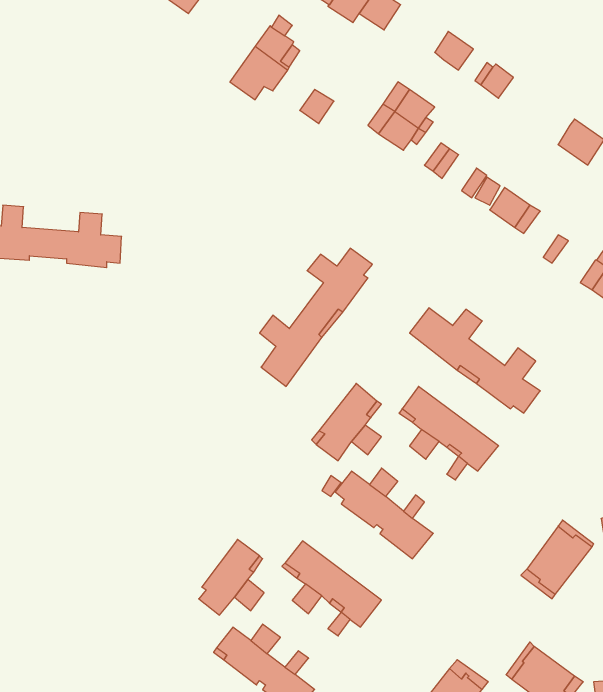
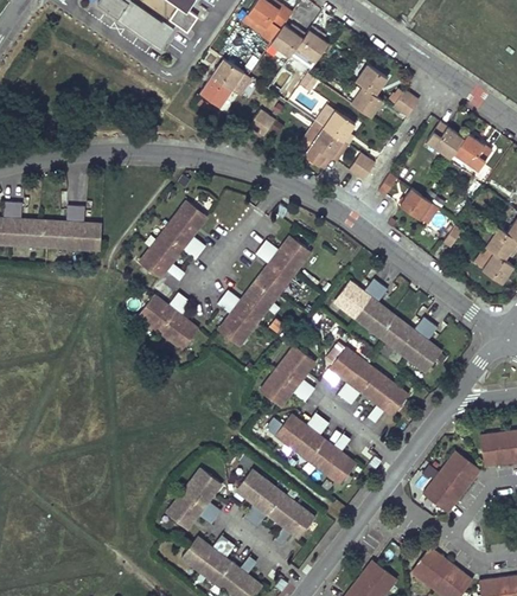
building: none -> [351,85,383,116]
building: none -> [426,121,464,158]
building: none -> [136,200,205,281]
building: none -> [139,295,196,348]

